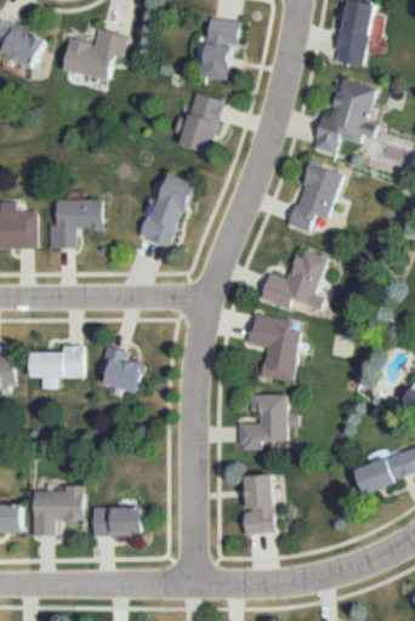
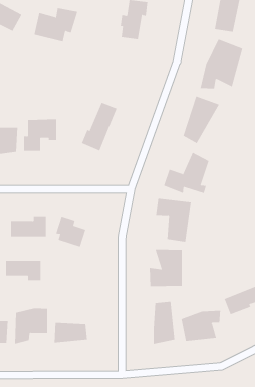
building: [175,92,221,150] -> none
building: none -> [6,260,41,281]
building: none -> [181,310,221,342]

